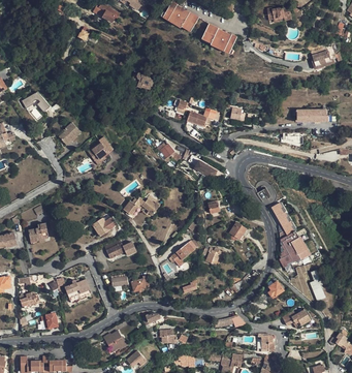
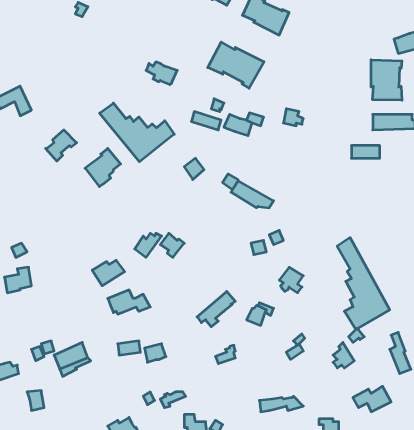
building: none -> [208,42,264,88]
building: none -> [371,60,402,100]
building: none -> [100,103,174,162]

